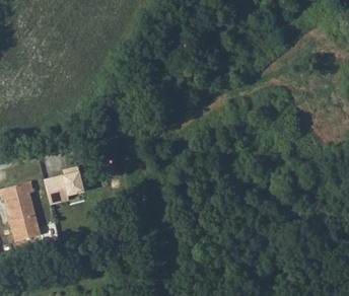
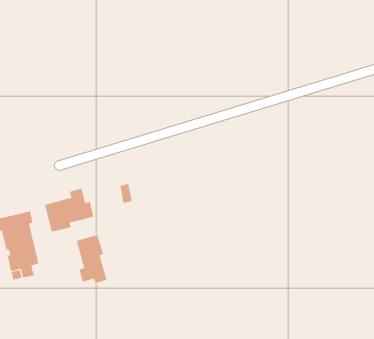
building: none -> [76,234,107,284]

